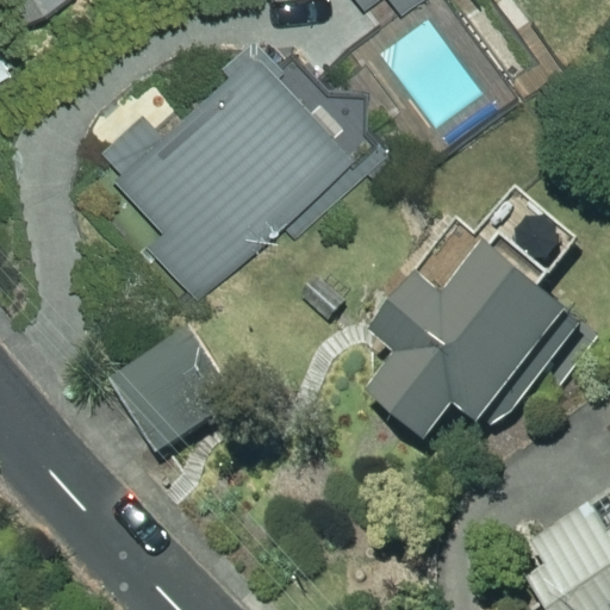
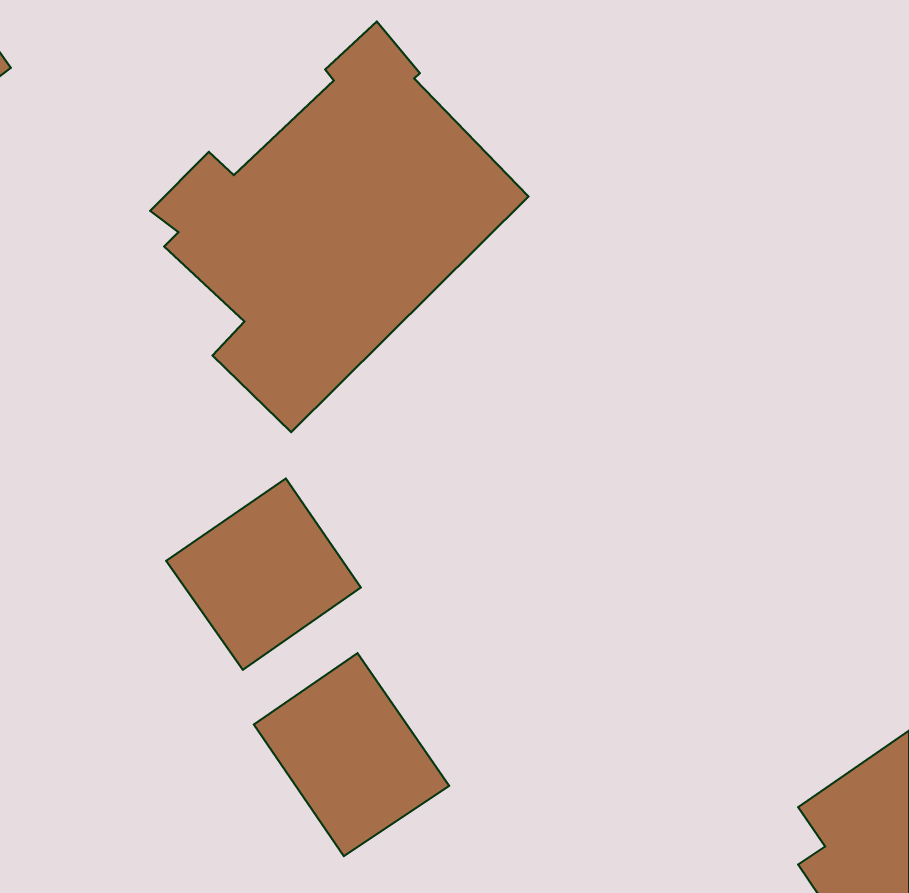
building: [368,237,573,440] -> none
building: none -> [254,653,449,856]

